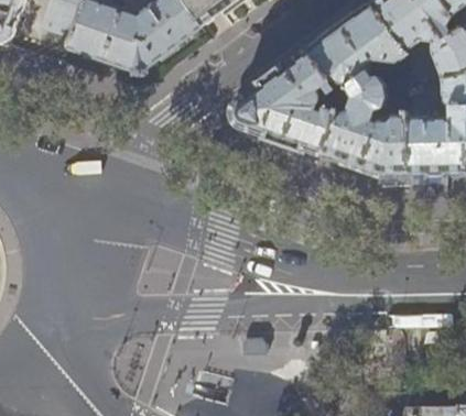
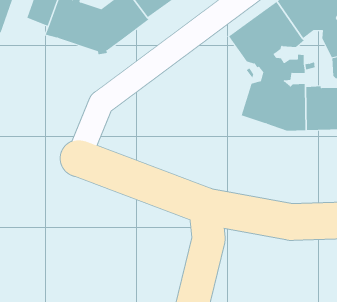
building: [232,48,337,152] -> none

